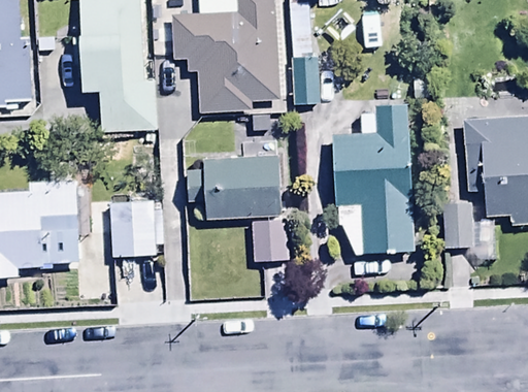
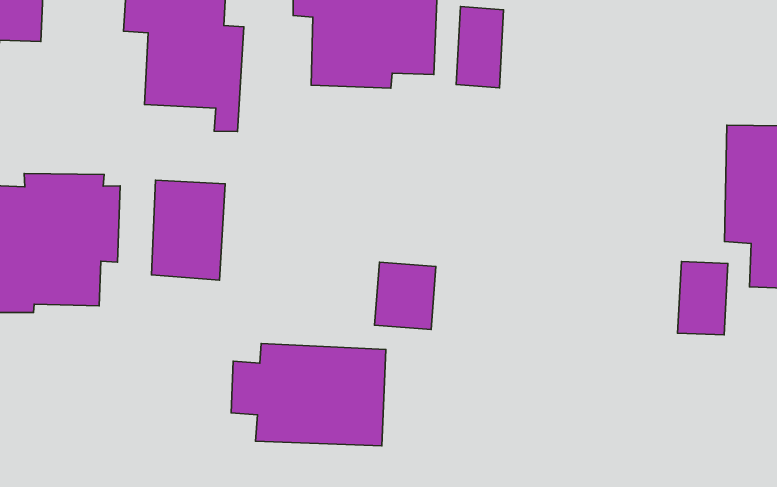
building: [332,105,412,252] -> none
building: [188,155,284,218] -> [231,343,386,446]

